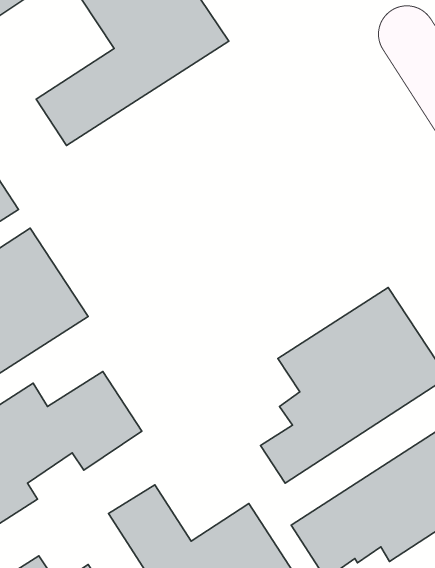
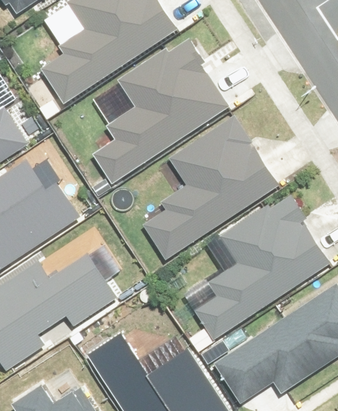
building: none -> [93,46,227,182]
building: none -> [144,120,276,257]

